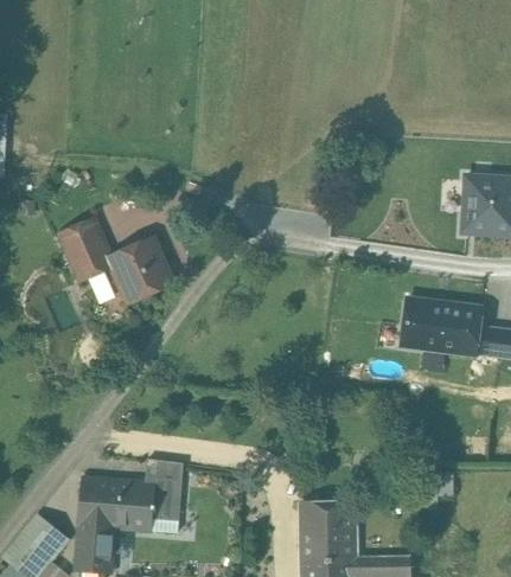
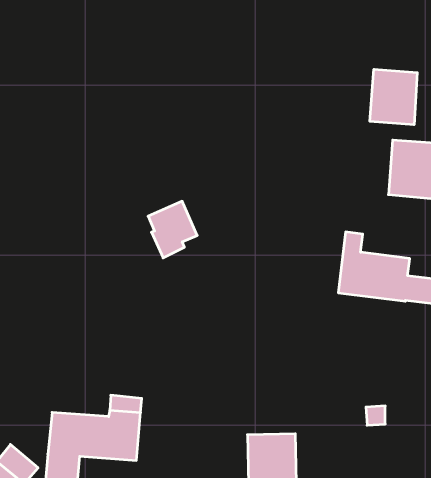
building: none -> [370,69,417,125]
building: [60,218,109,280] -> none
building: [114,238,168,301] -> [148,201,197,258]

